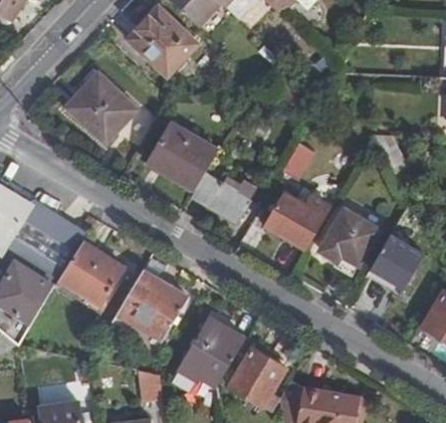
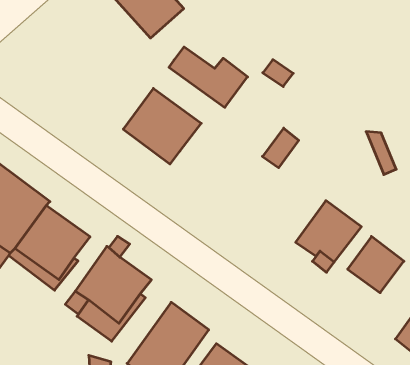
building: [67,72,136,140] -> none
building: [192,174,265,226] -> [169,47,248,107]
building: [262,190,329,248] -> none

